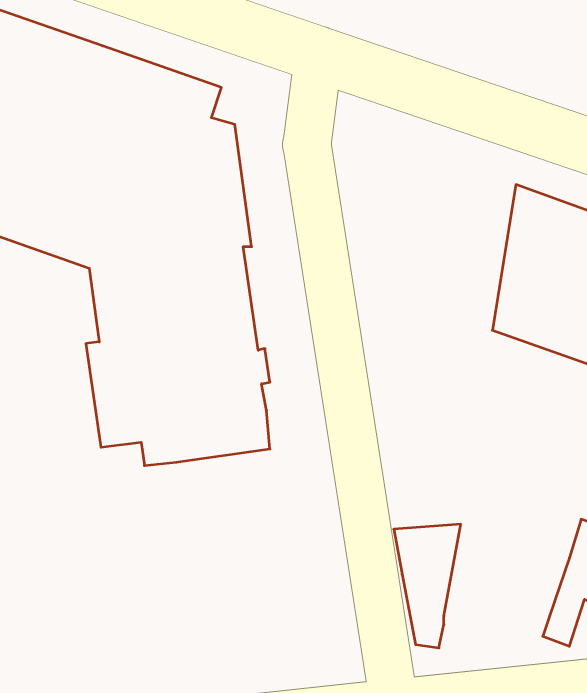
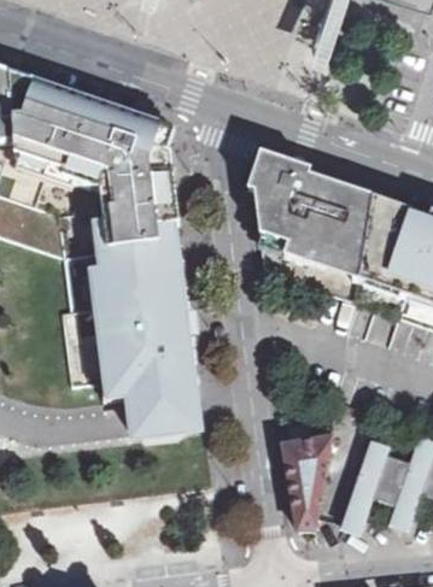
building: none -> [253,154,373,295]
building: none -> [128,381,200,424]
building: none -> [344,436,411,528]

